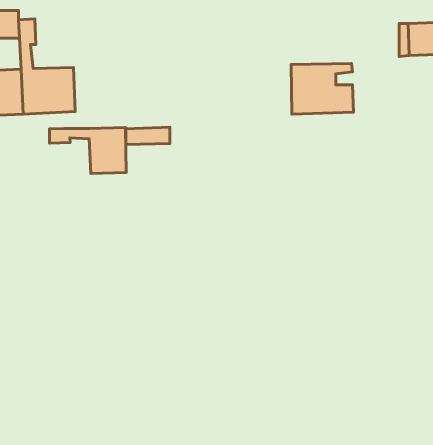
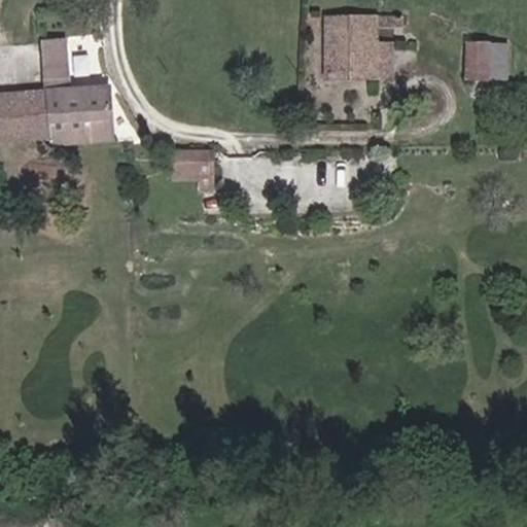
building: [291,64,353,114] -> [323,20,393,76]
building: [49,127,126,173] -> none

